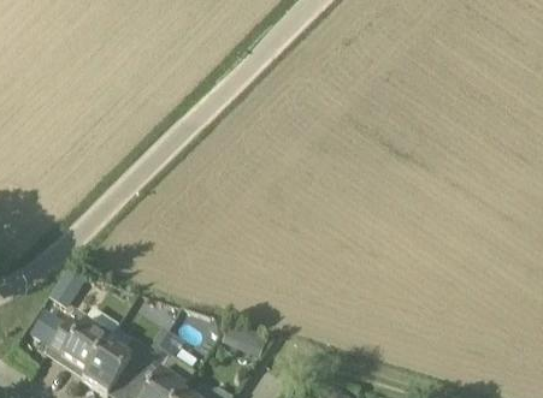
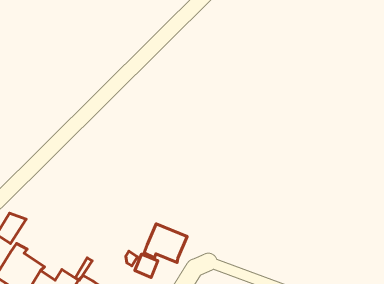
building: none -> [144,224,187,262]

